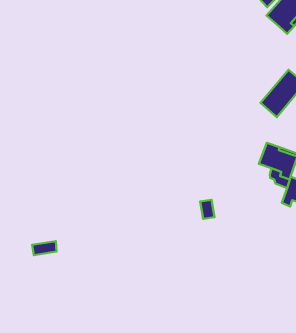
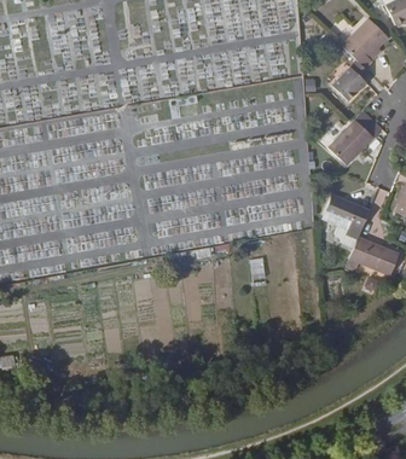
building: none -> [332,59,370,99]

